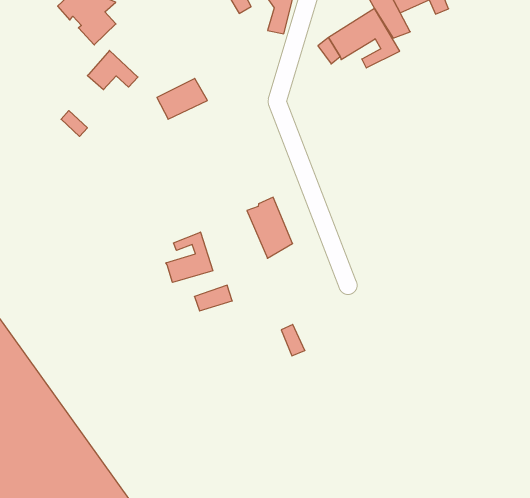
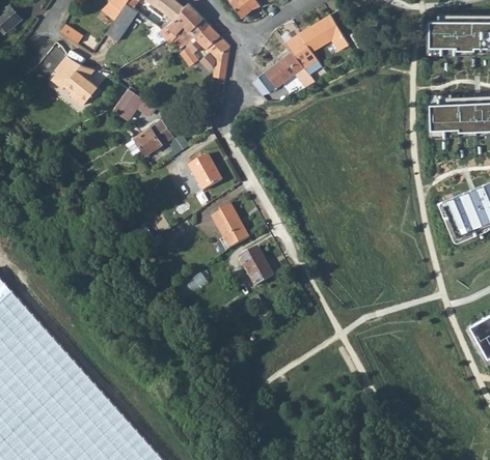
building: [87,50,138,90] -> [115,88,154,118]
building: none -> [189,156,223,193]
building: [166,232,213,282] -> none
building: none -> [240,248,274,287]

